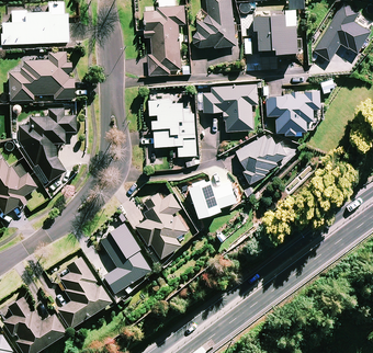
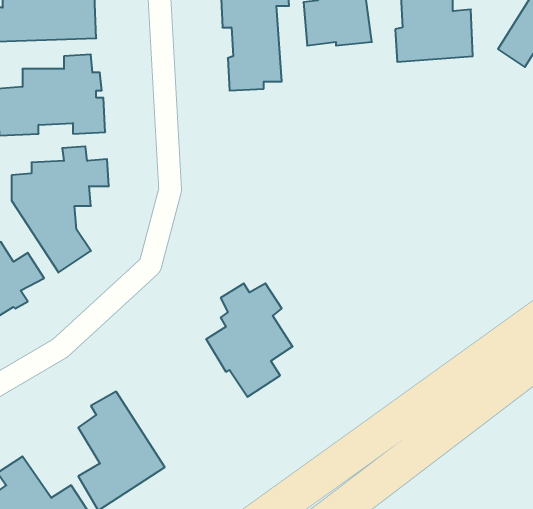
building: [202,82,258,129] -> none
building: [268,91,320,134] -> none
building: [149,96,196,155] -> none
building: [235,130,286,182] -> none
building: [190,180,236,217] -> none
building: [99,224,149,293] -> none

